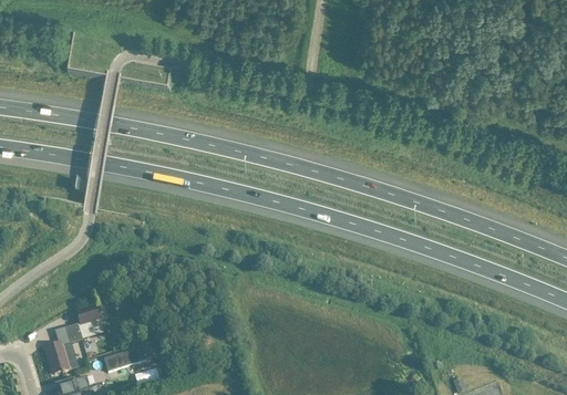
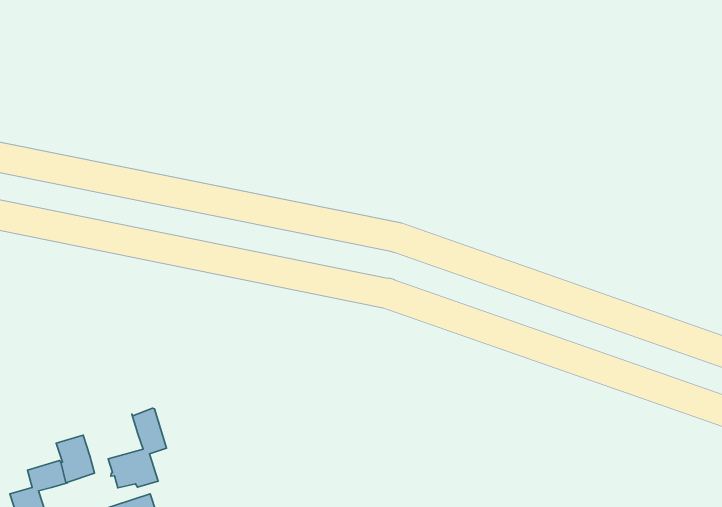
building: none -> [108,408,166,488]

